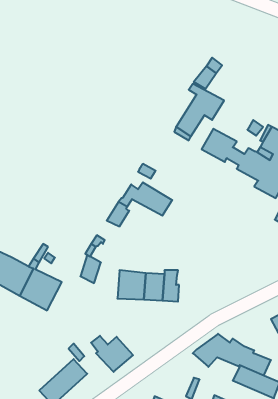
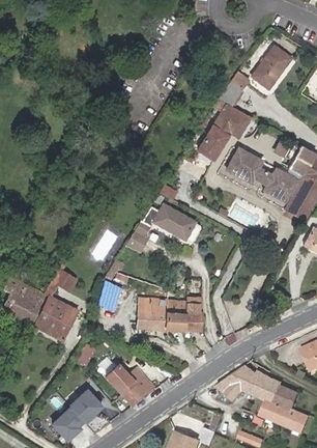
building: none -> [251,46,290,89]

